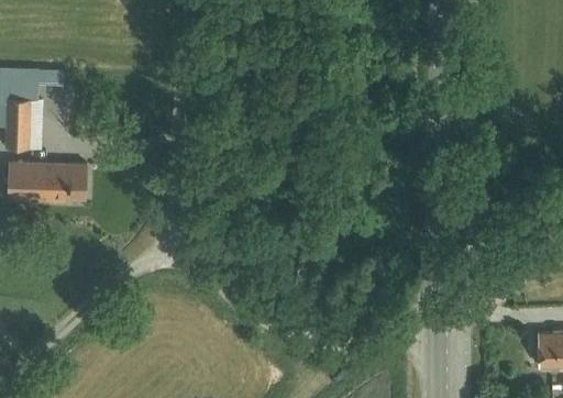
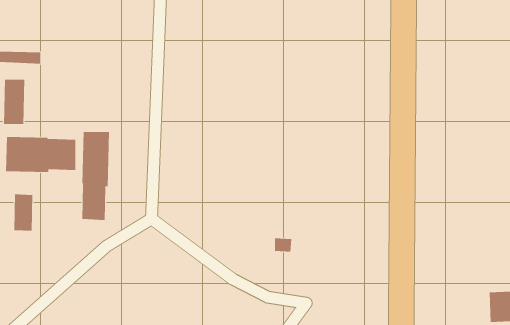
building: none -> [82,131,109,221]
building: none -> [14,194,33,232]

